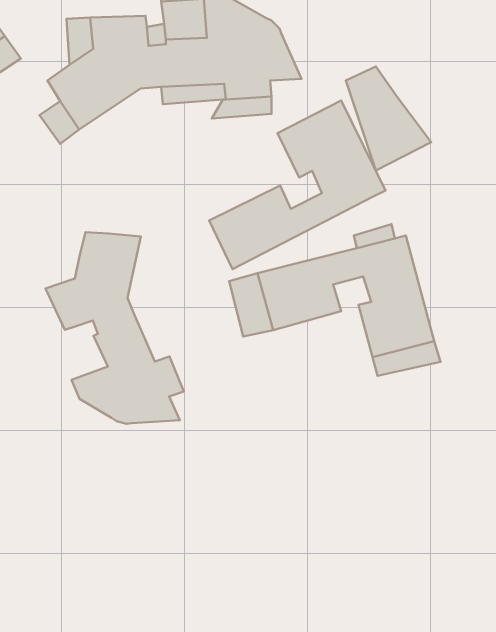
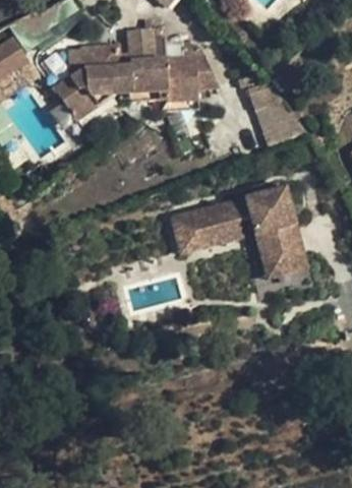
building: [209,100,386,269] -> none
building: [46,232,184,424] -> none

